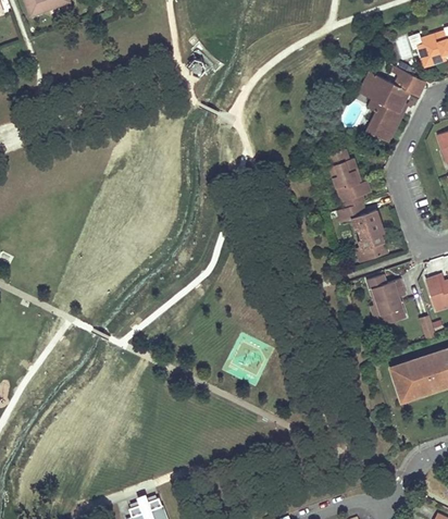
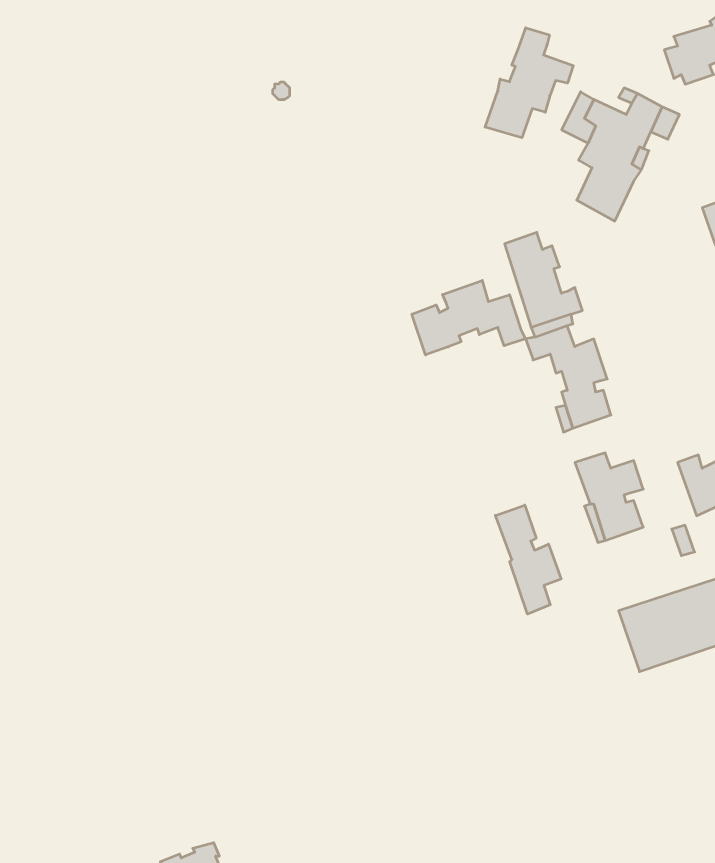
building: none -> [485,28,573,138]
building: none -> [412,280,525,355]
building: none -> [495,505,561,614]

